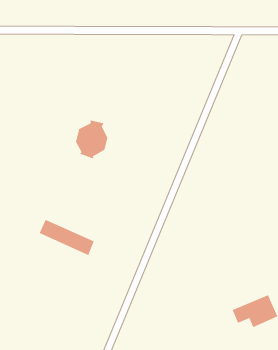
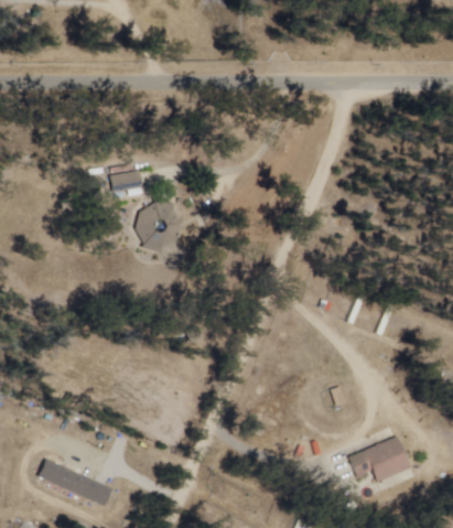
building: none -> [109,170,140,191]
building: [39,219,94,256] -> [36,456,112,506]

